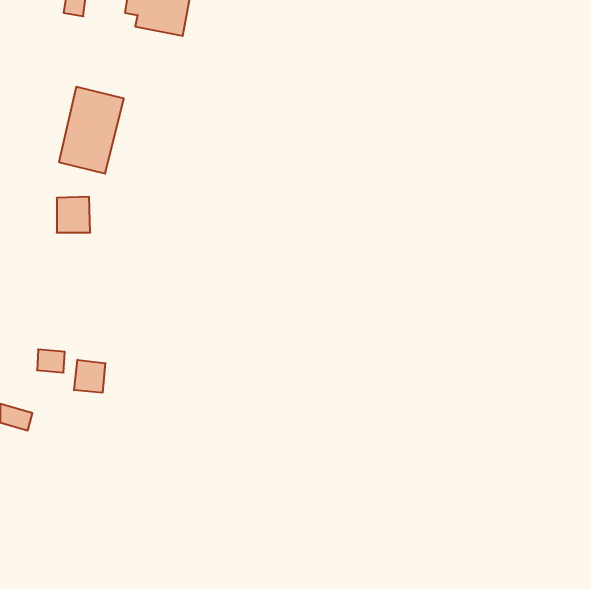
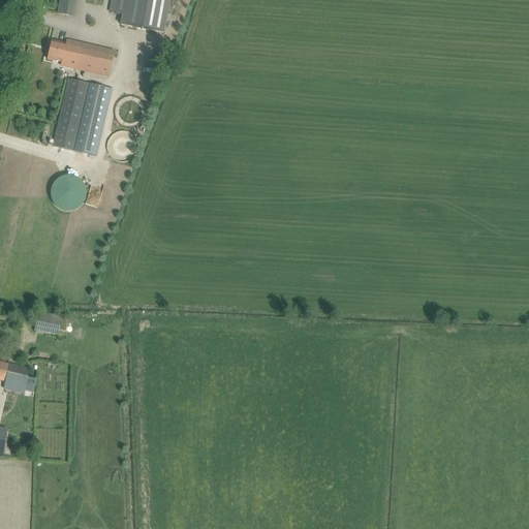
building: none -> [48,38,114,75]
building: [74,360,105,393] -> none

